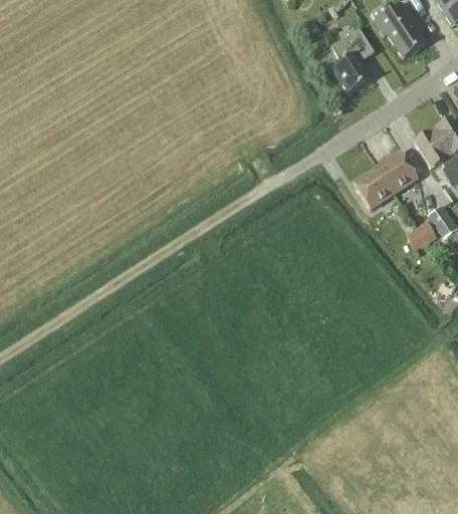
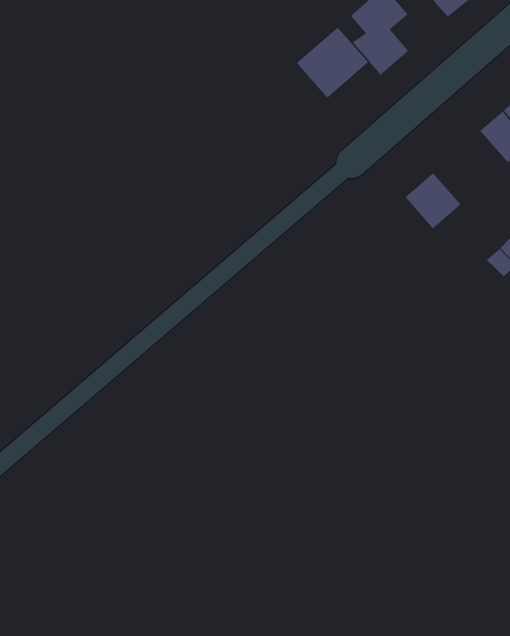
building: none -> [296,26,369,99]
building: [376,151,417,193] -> none

